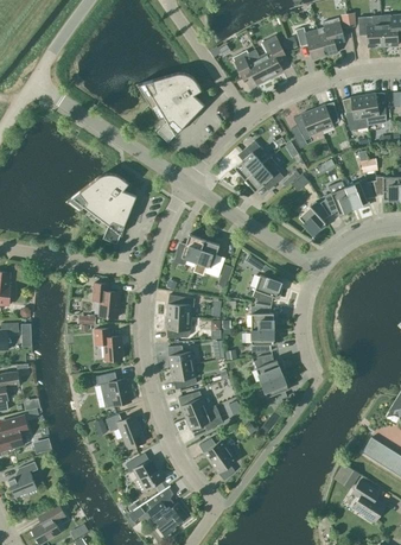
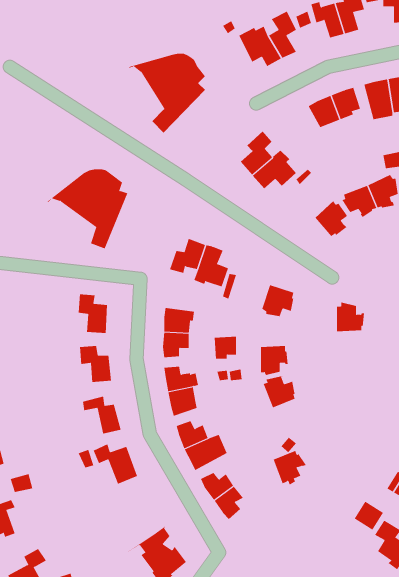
building: [252,303,276,329] -> [336,302,365,332]
building: [262,374,292,405] -> [273,450,307,485]
building: [126,452,165,492] -> none

